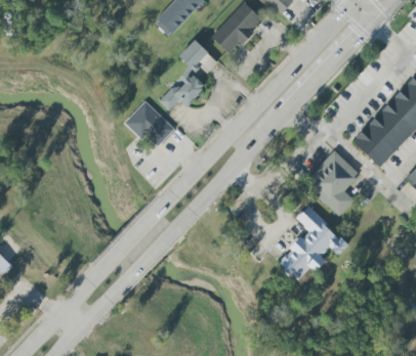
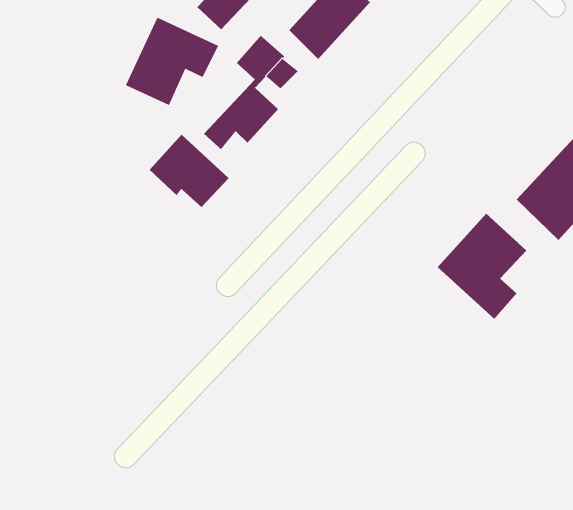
building: none -> [125,17,219,106]
building: [277,205,346,280] -> none

